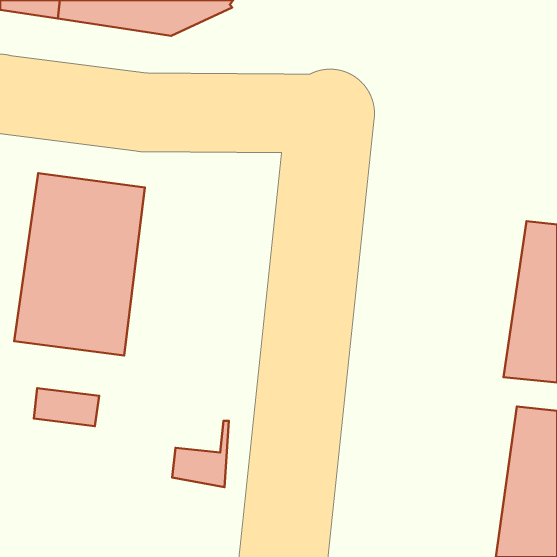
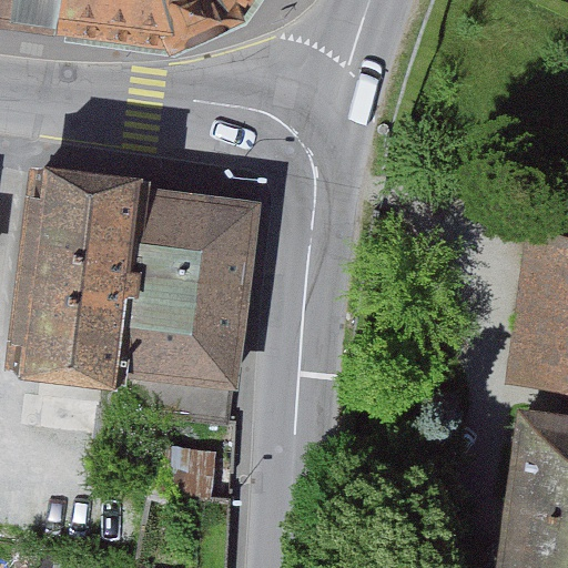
building: none -> [121,191,253,422]

